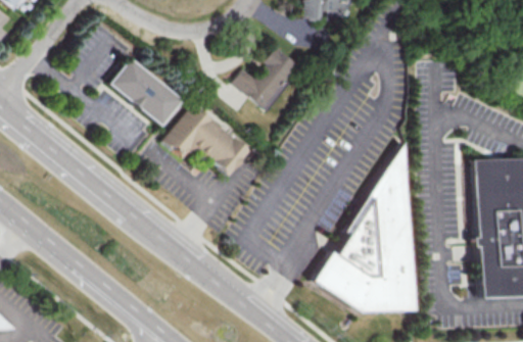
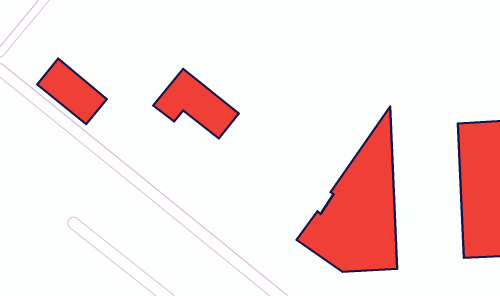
building: [232,47,298,110] -> none
building: [109,58,181,126] -> [37,58,107,124]

